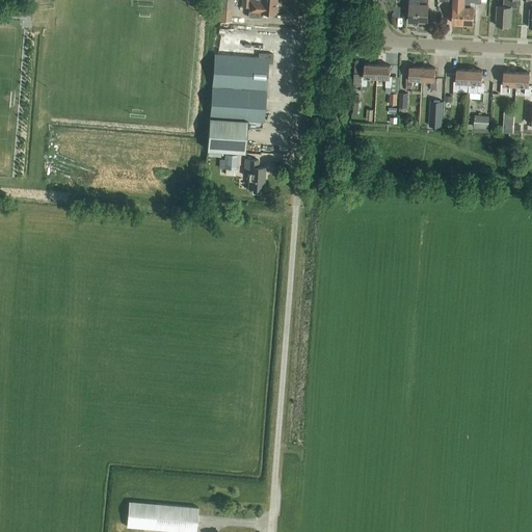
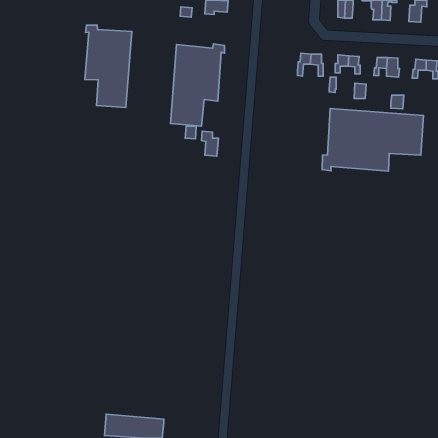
building: none -> [85,25,132,107]
building: none -> [322,108,424,171]

